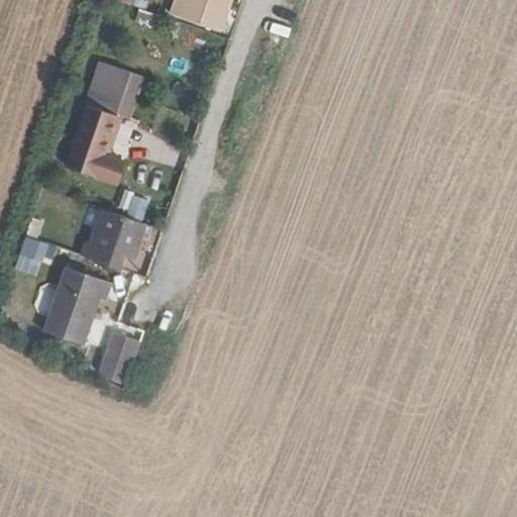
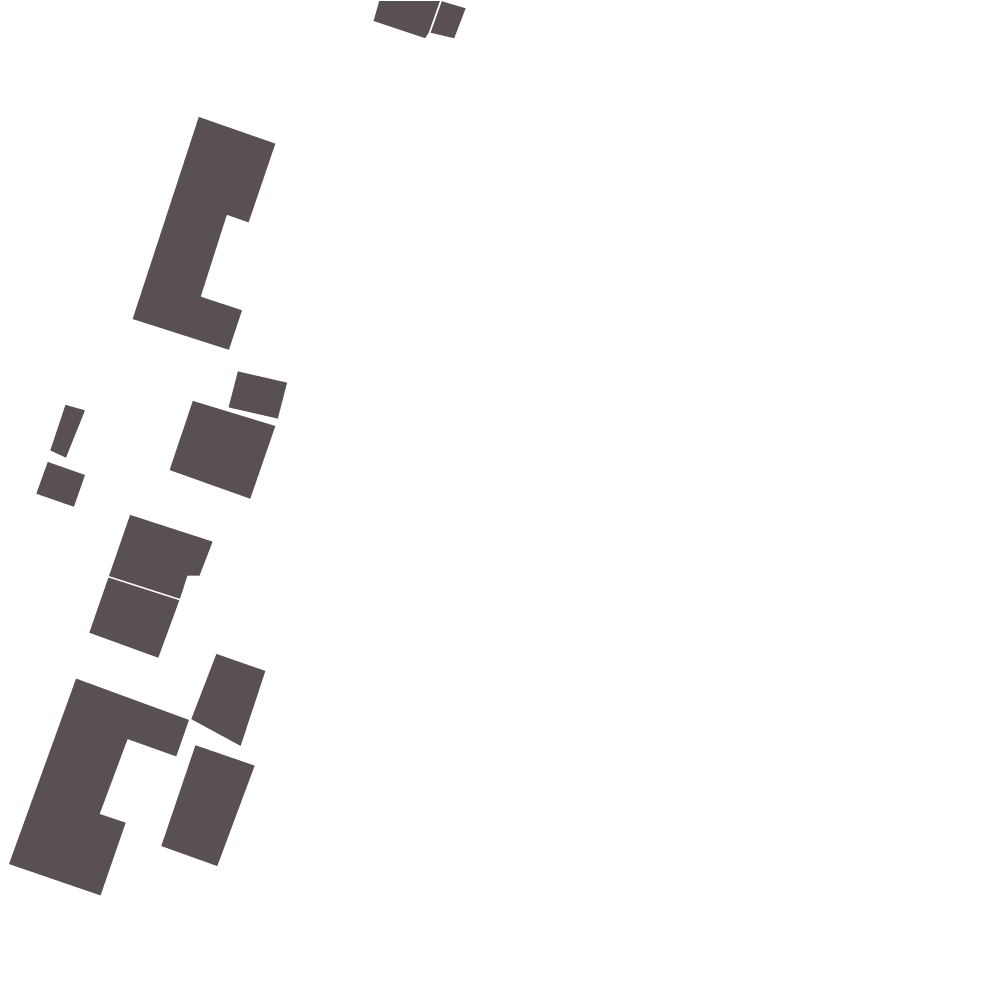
building: none -> [8,678,190,897]
building: none -> [160,744,256,867]

